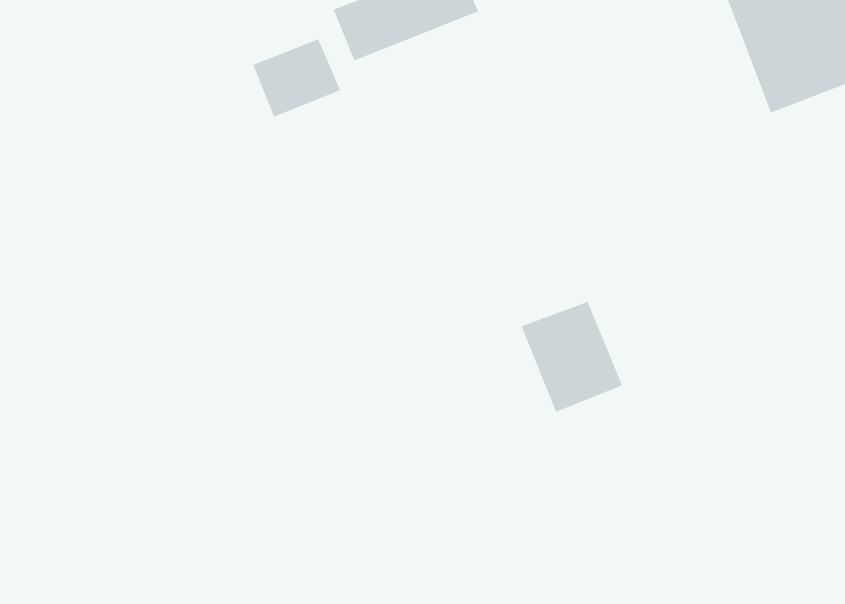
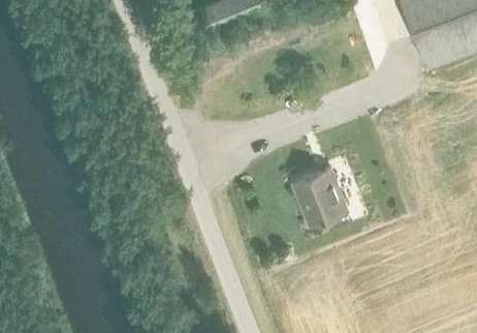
building: [253,39,341,117] -> none

